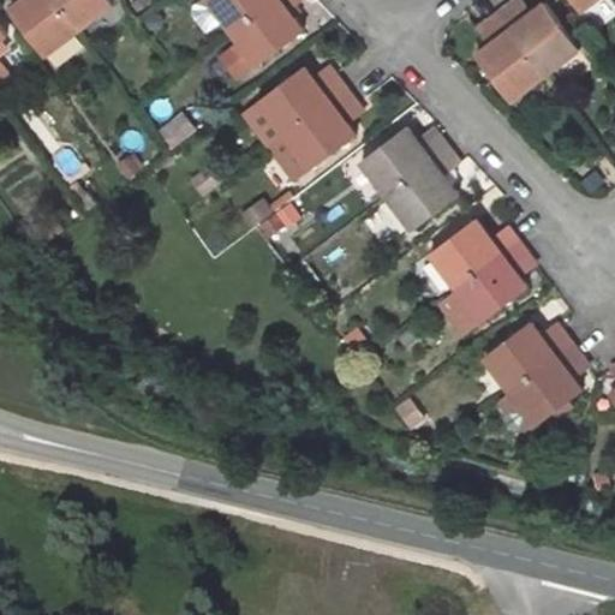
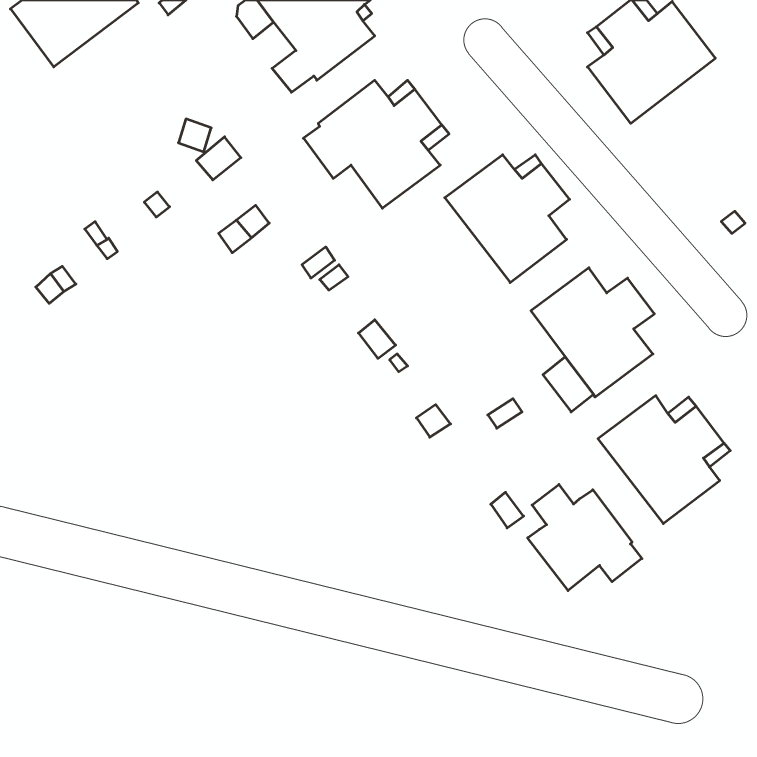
building: none -> [528,484,642,591]

